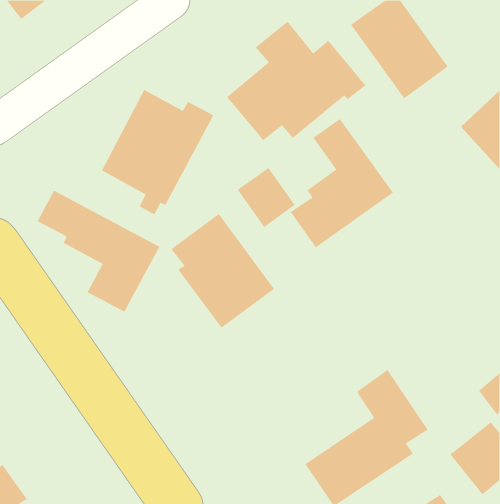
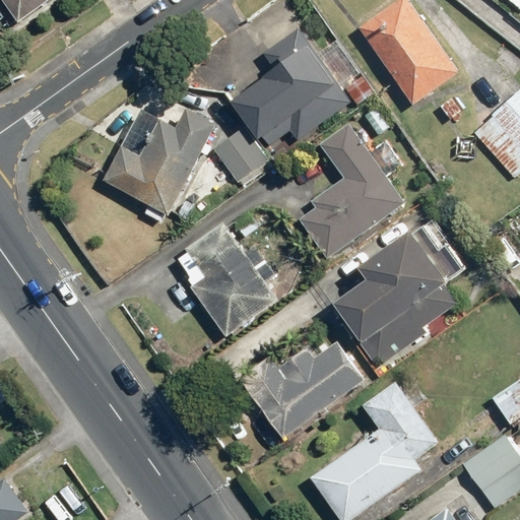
building: [237,167,295,228] -> [210,125,270,187]
building: [37,190,160,313] -> none
building: none -> [334,223,466,371]
building: none -> [241,341,365,438]

